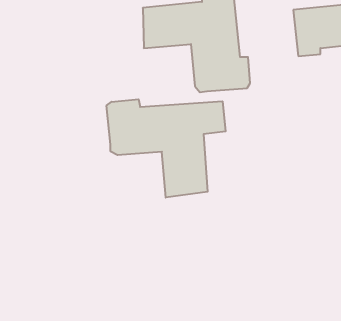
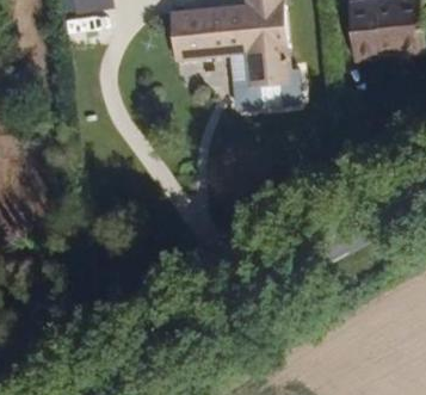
building: [107,99,226,198] -> none

